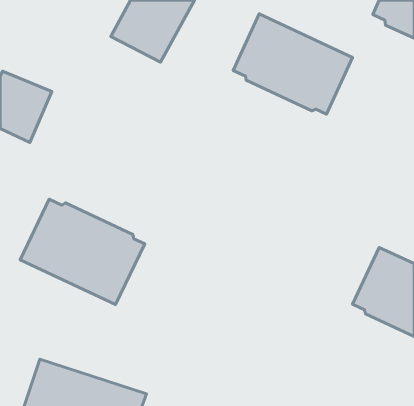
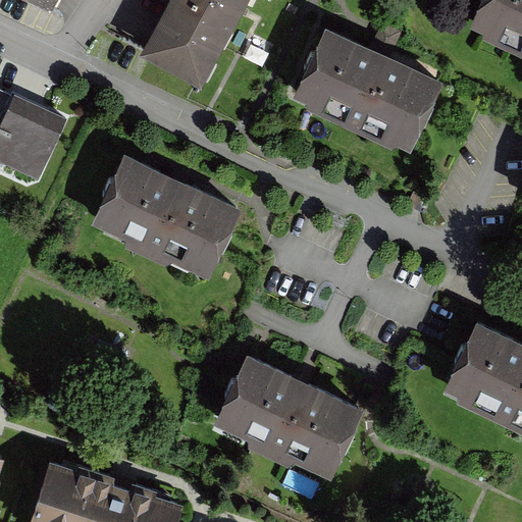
building: none -> [92,154,243,280]
building: [20,199,145,304] -> none
building: none -> [214,354,365,480]

